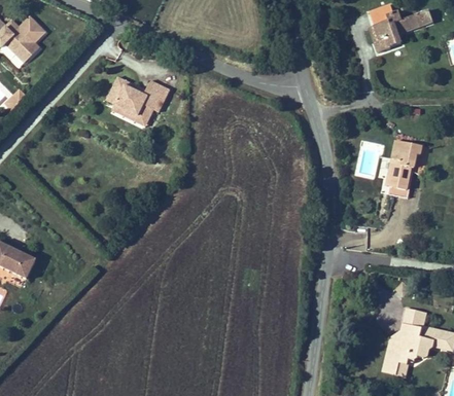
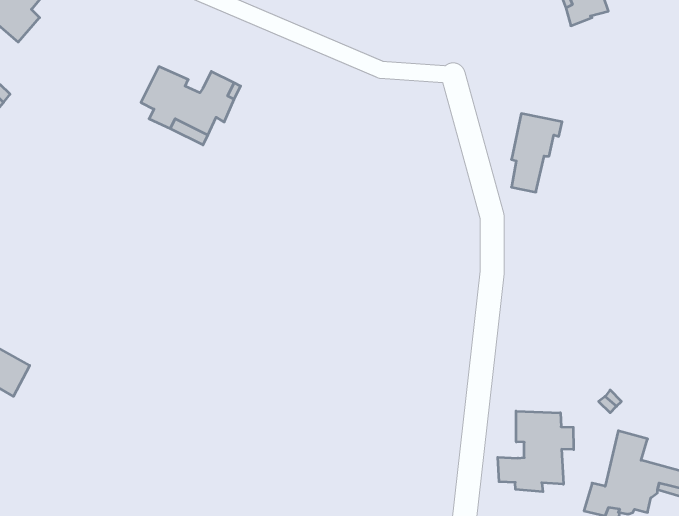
building: [389,140,421,189] -> [511,114,562,192]
building: none -> [498,411,574,492]

